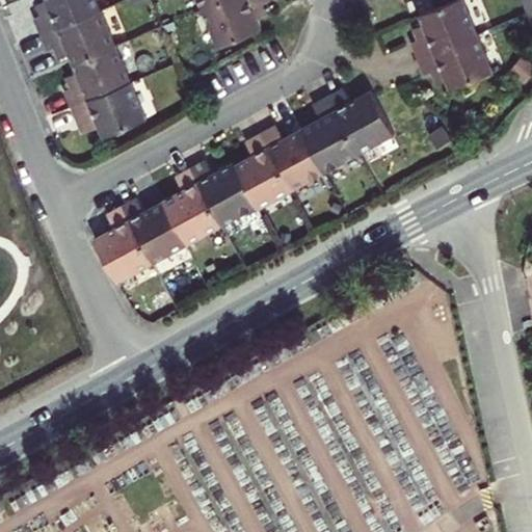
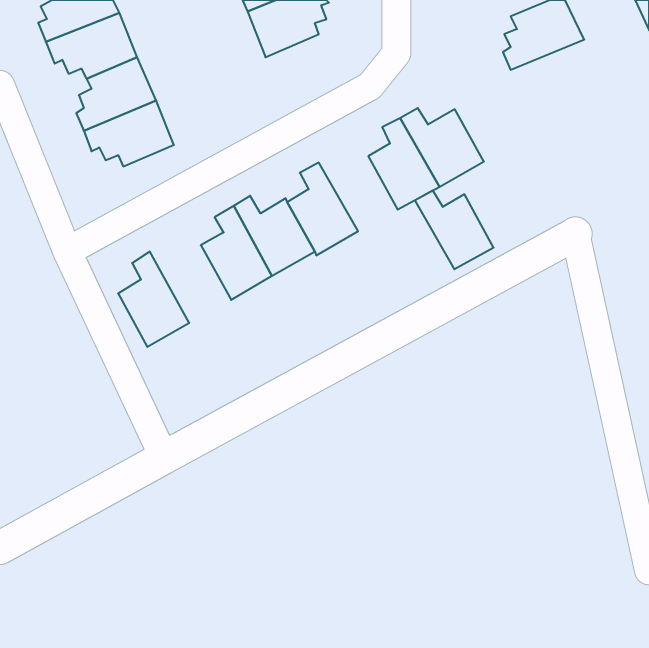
building: [418,33,494,87] -> none
building: [261,126,325,190] -> [415,190,494,269]
building: [123,200,189,265] -> none

